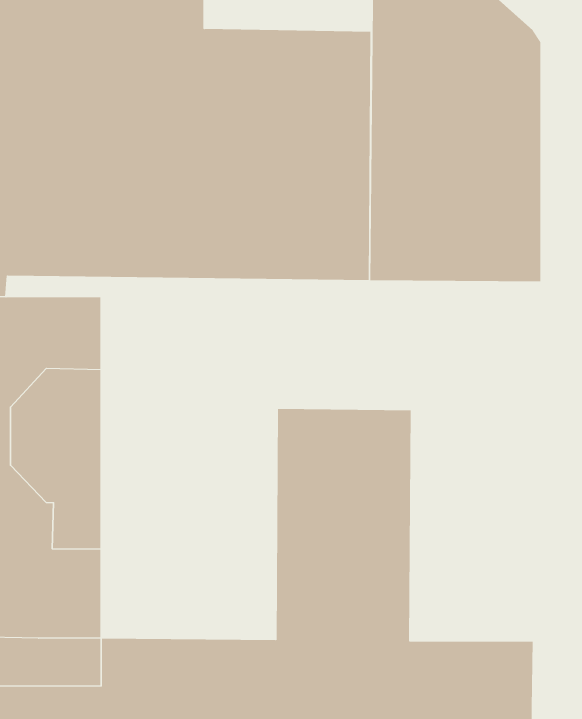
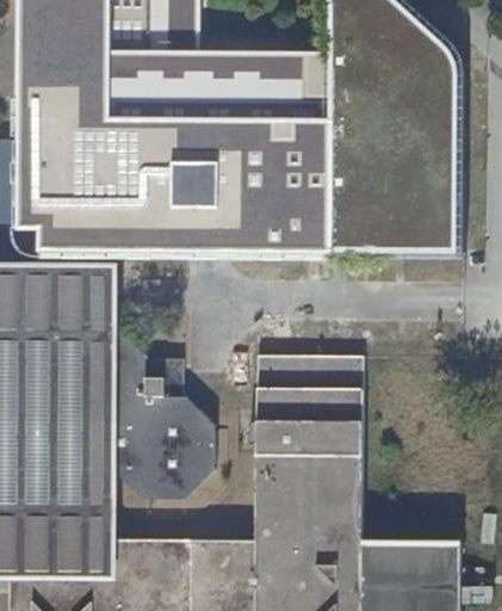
building: none -> [113,323,212,498]

